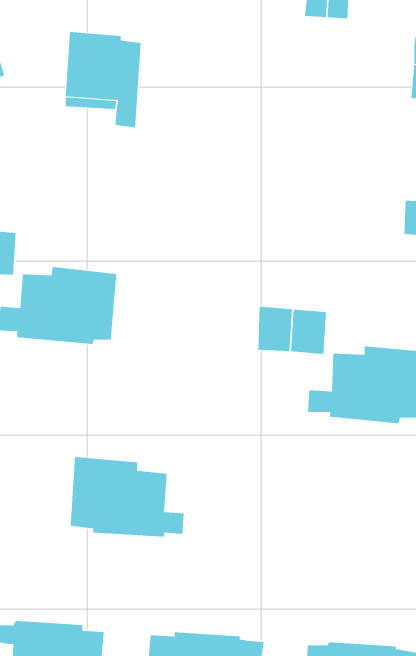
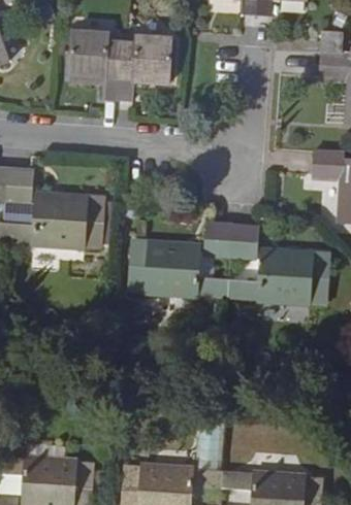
building: none -> [115,30,171,97]
building: [70,456,185,537] -> [126,243,210,302]

